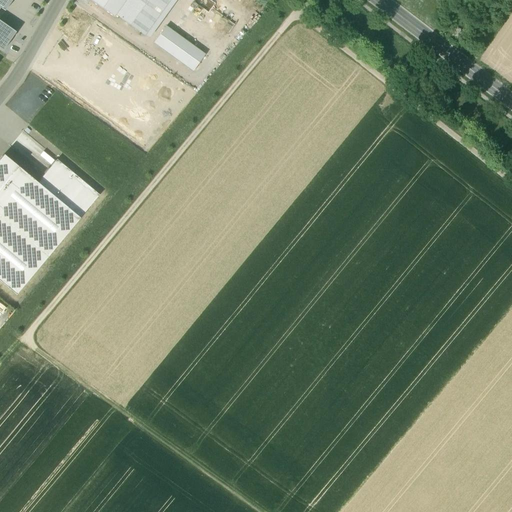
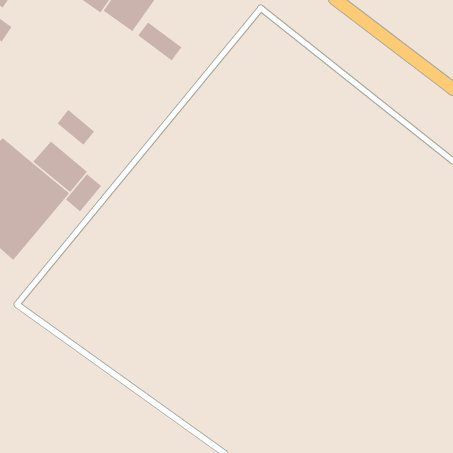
building: none -> [56,109,95,146]
building: none -> [65,173,102,212]

